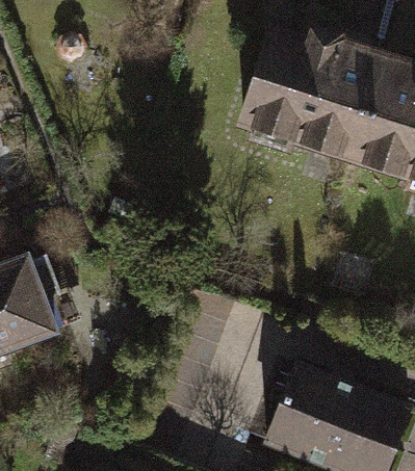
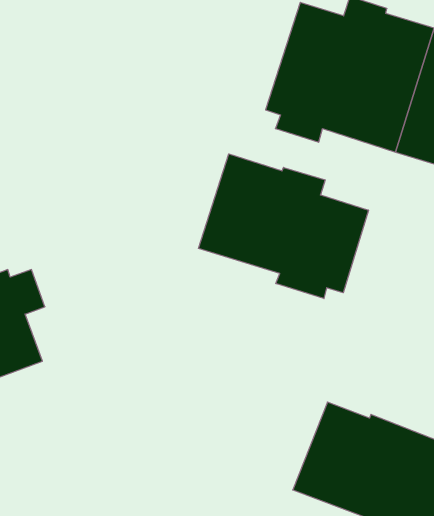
building: none -> [199,154,368,299]

